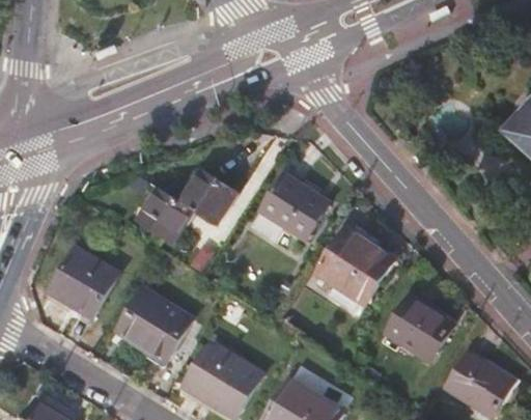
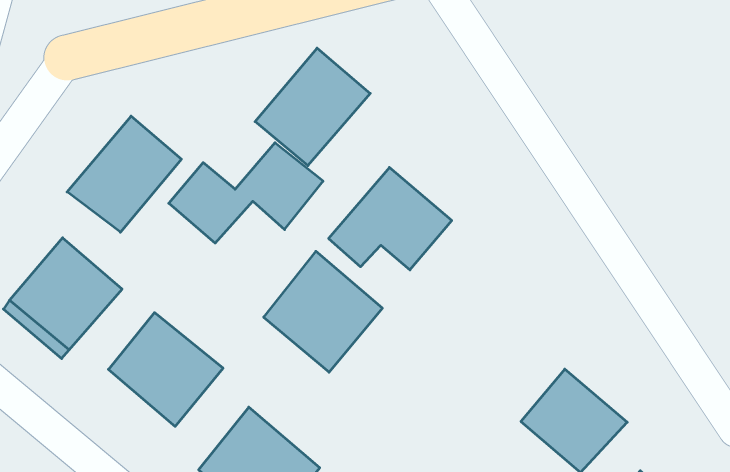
building: none -> [255,48,370,166]
building: none -> [67,116,181,232]
building: [316,225,392,302] -> [264,251,382,372]

